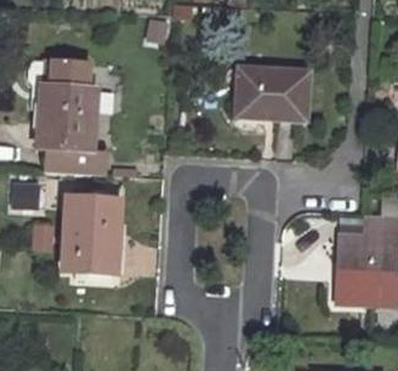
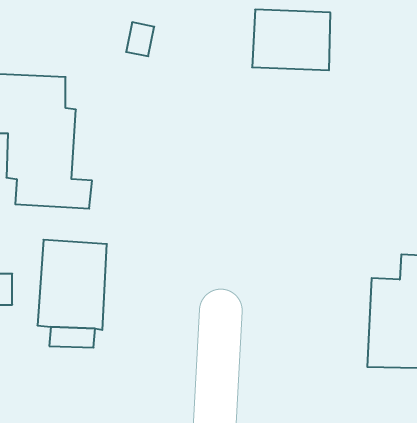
building: [238,68,302,118] -> [252,10,330,70]

